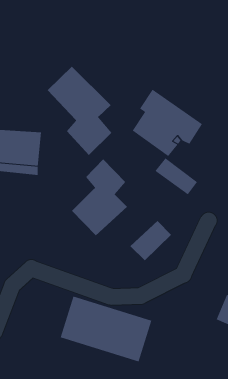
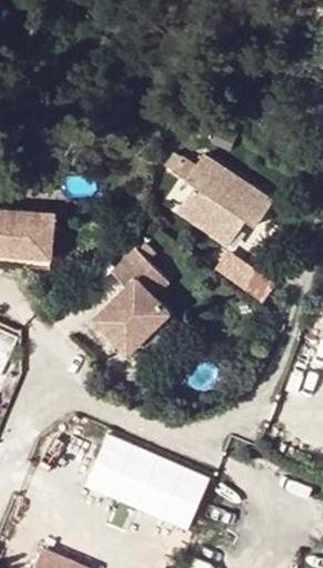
building: [47,66,112,156] -> none
building: [129,220,172,261] -> none

